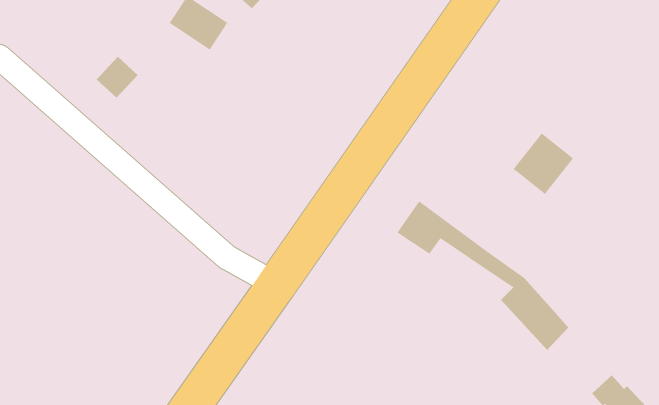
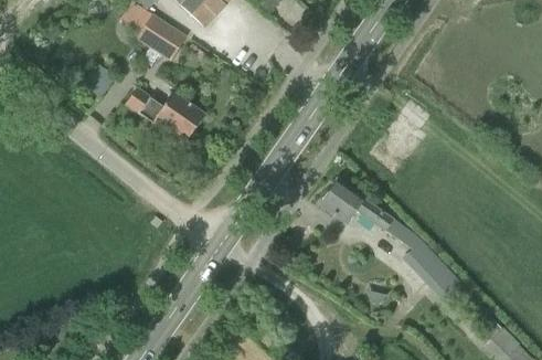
building: none -> [126,88,204,140]
building: [513,133,574,195] -> none

